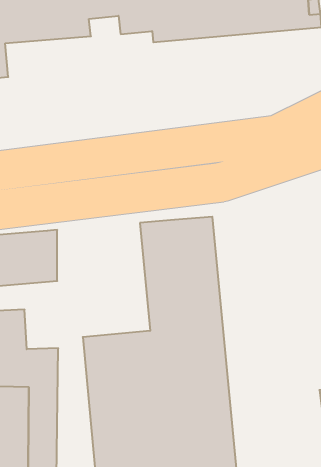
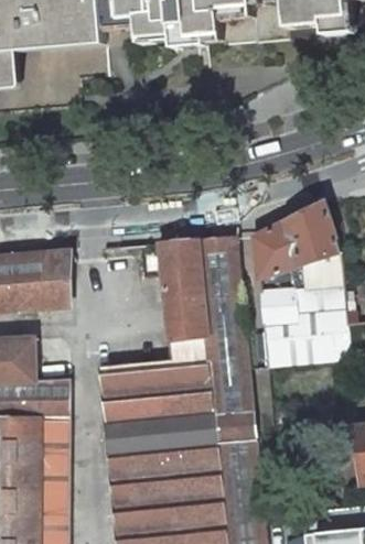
building: none -> [253,203,347,367]

